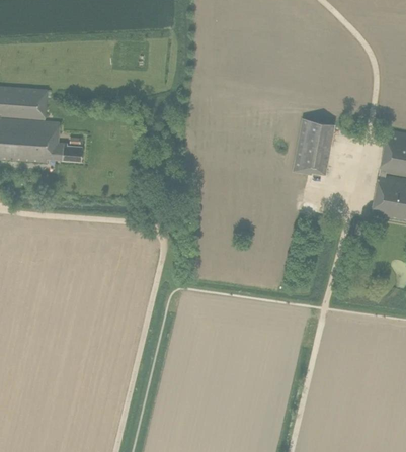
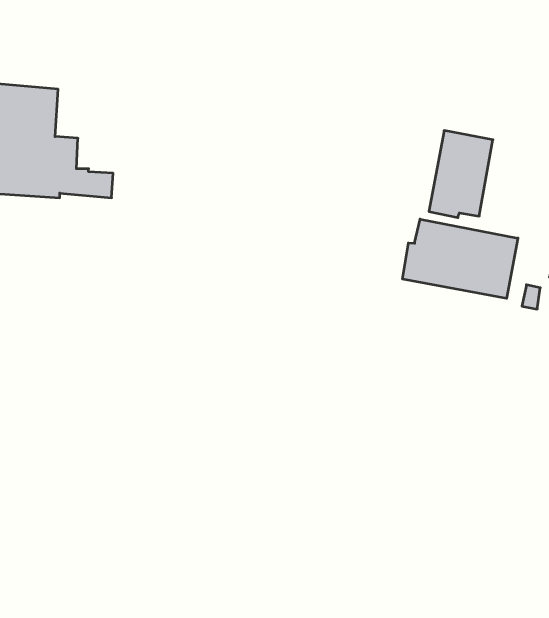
building: none -> [403,219,518,298]

